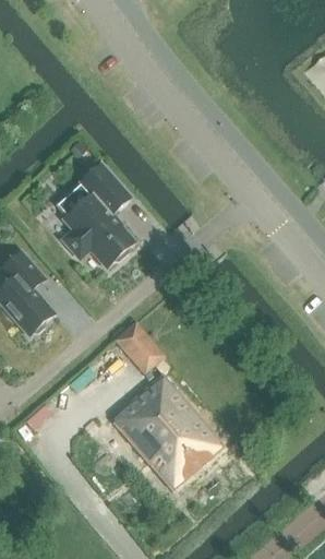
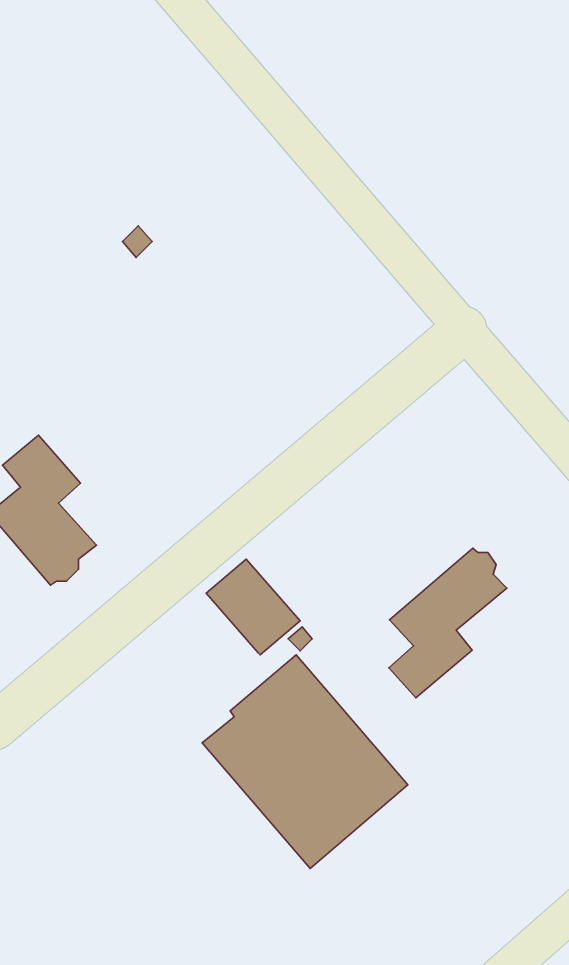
building: [62,163,133,265] -> none
building: none -> [389,548,507,698]

